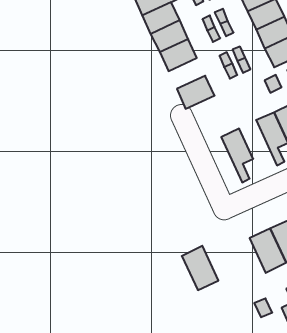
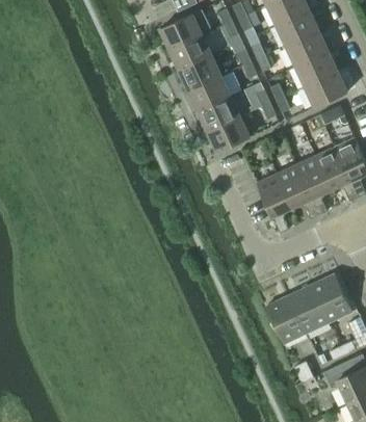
building: none -> [199,97,239,131]
building: none -> [277,165,318,219]
building: [182,246,218,290] -> [265,295,306,344]

